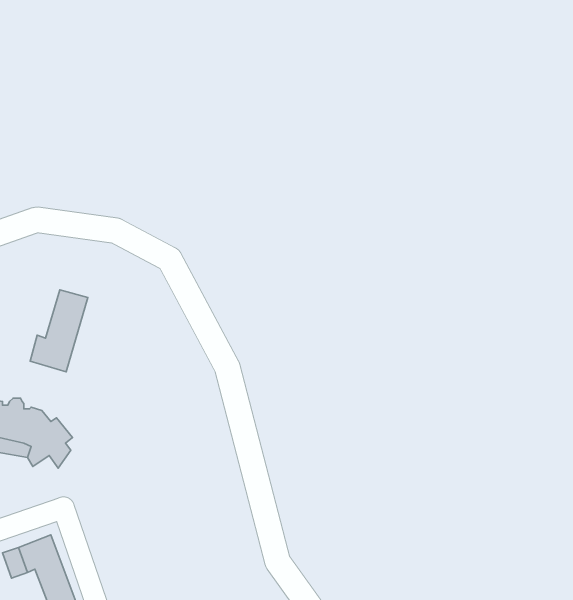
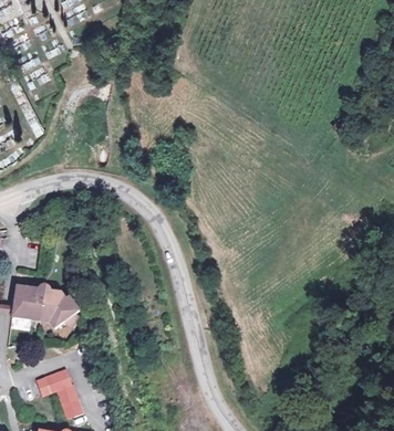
building: [30,290,88,372] -> none

